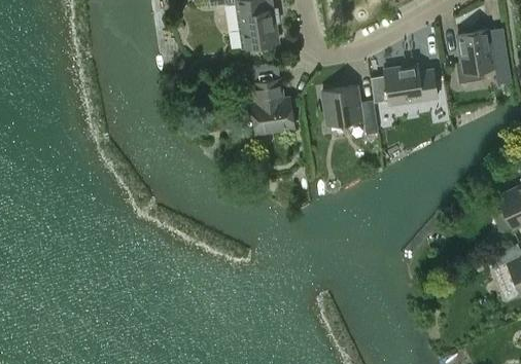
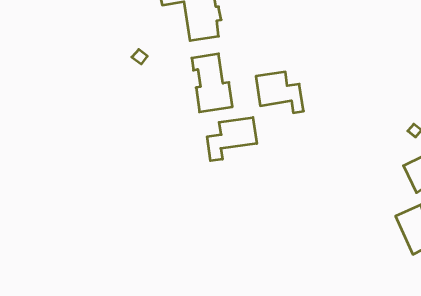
building: [456,30,510,82] -> none
building: [383,65,438,104] -> none
building: none -> [207,117,257,161]

